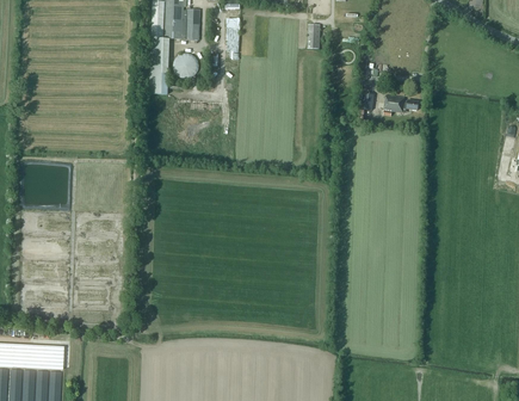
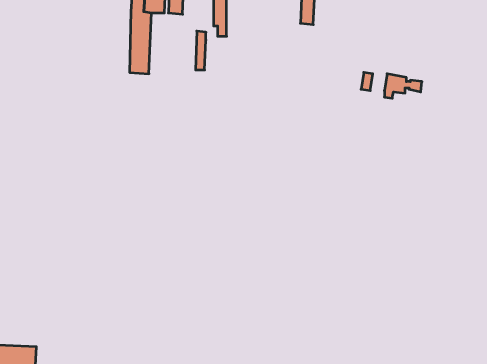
building: [174,53,199,79] -> none

